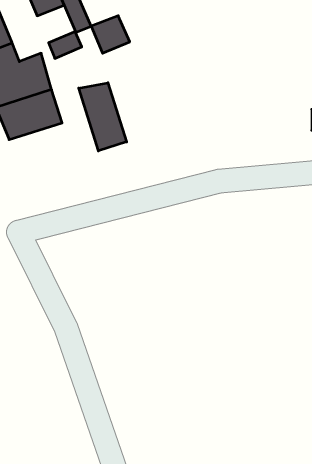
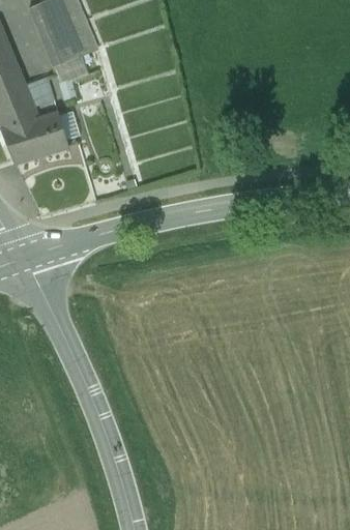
building: [91,16,130,53] -> [42,29,81,66]
building: [79,83,127,151] -> none

